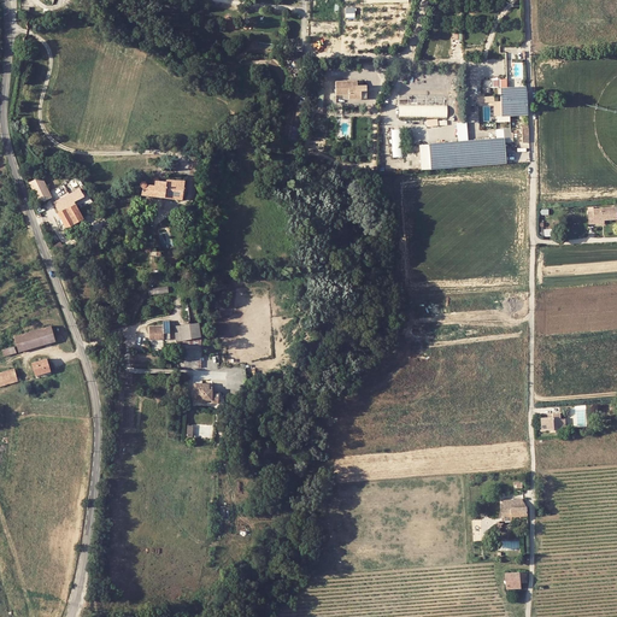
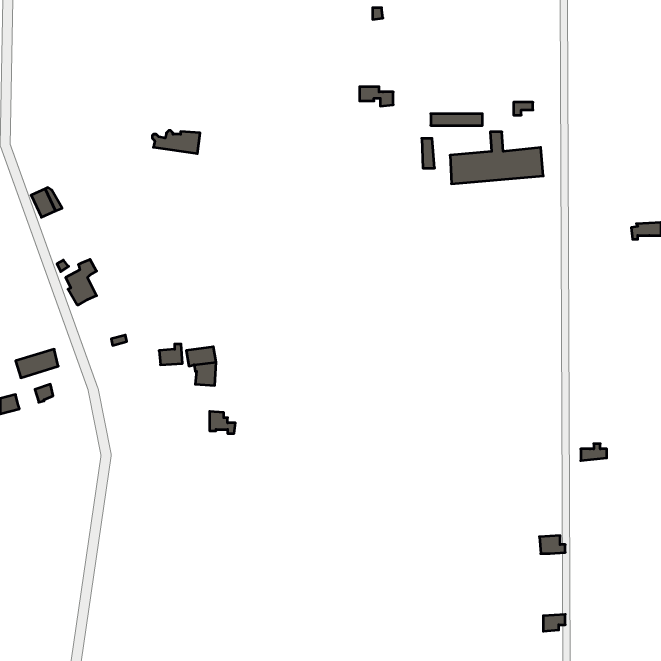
building: [500,87,528,114] -> none
building: [140,178,184,200] -> [152,130,200,154]
building: [54,186,83,228] -> [66,259,97,305]

